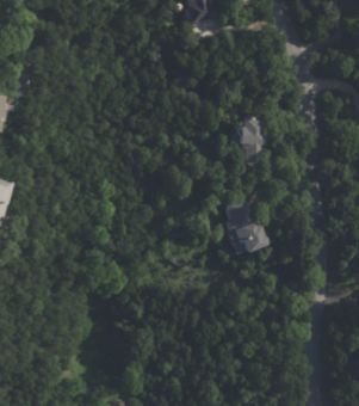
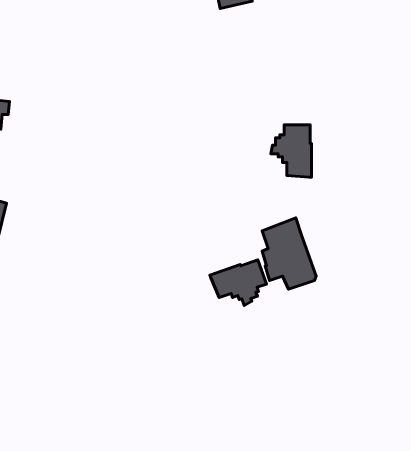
building: none -> [210,260,266,305]

